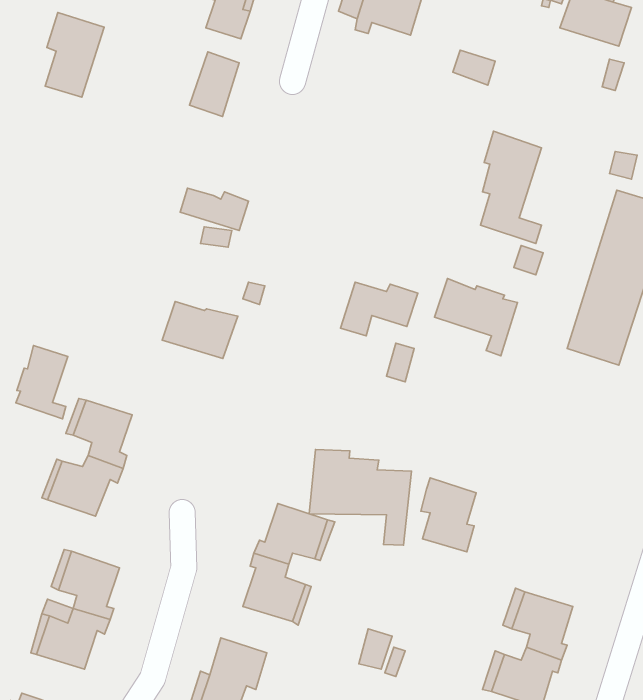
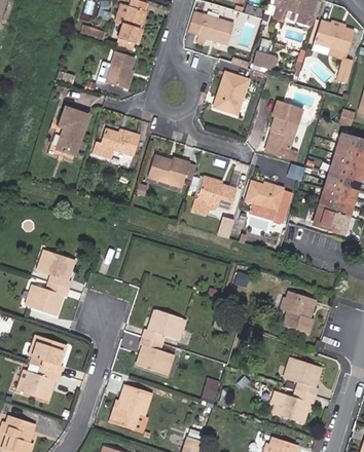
building: [45,13,104,97] -> [54,111,87,158]
building: none -> [215,75,248,112]
building: [162,301,238,358] -> [148,155,190,187]
building: [16,345,68,419] -> none
building: [309,449,412,545] -> none
building: [421,478,476,552] -> [281,288,312,329]

